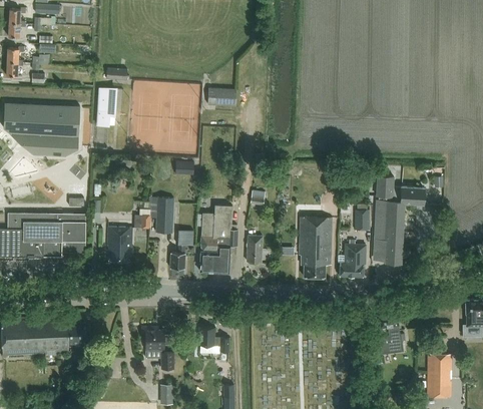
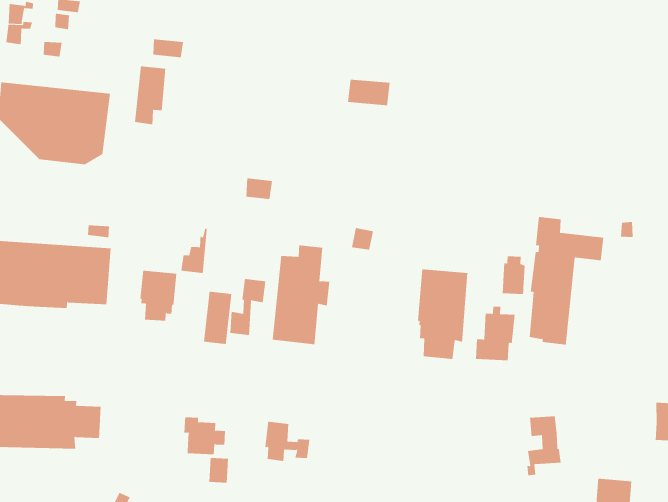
building: [207,89,236,106] -> [347,79,390,106]
building: [155,197,173,234] -> [203,291,232,345]
building: [247,236,263,262] -> none

